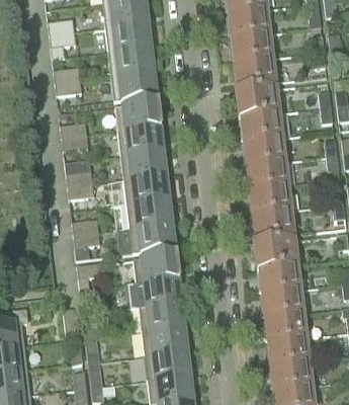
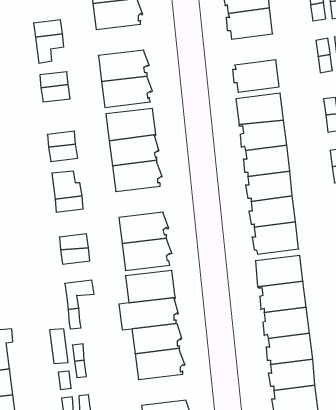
building: [106,24,153,54] -> none
building: [231,33,274,63] -> none
building: [124,176,171,206] -> none
building: [146,352,192,382] -> none

